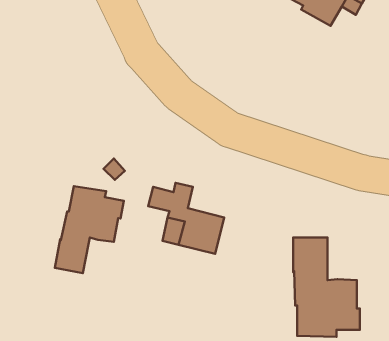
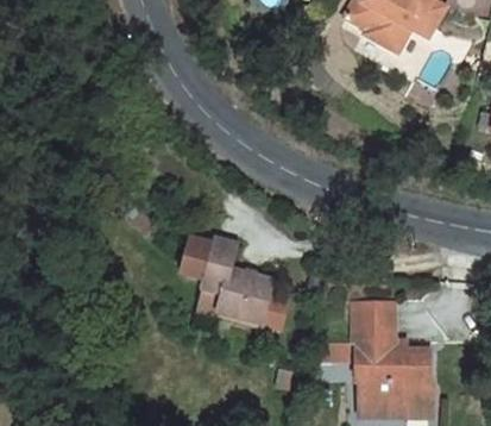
building: [55,186,124,273] -> none

